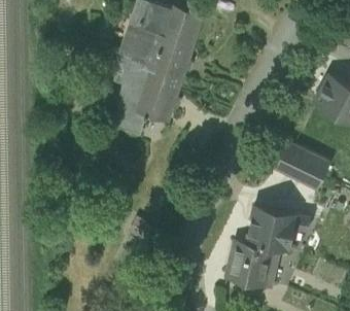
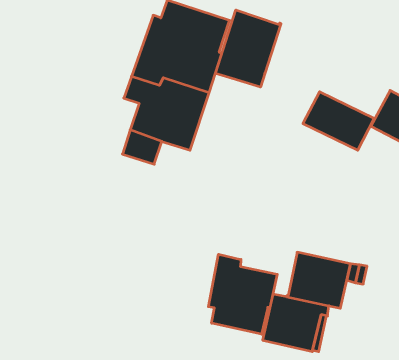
building: none -> [215,10,281,87]
building: [273,142,330,189] -> [303,92,374,150]
building: none -> [208,254,277,334]

